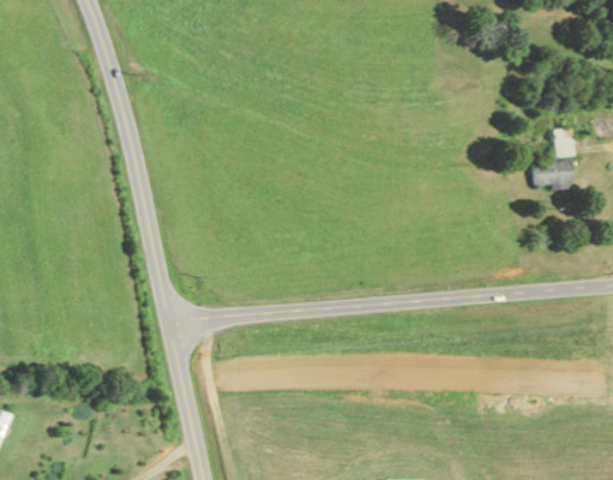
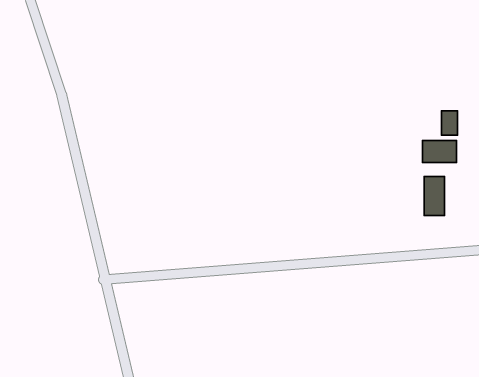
building: none -> [424,177,444,215]

